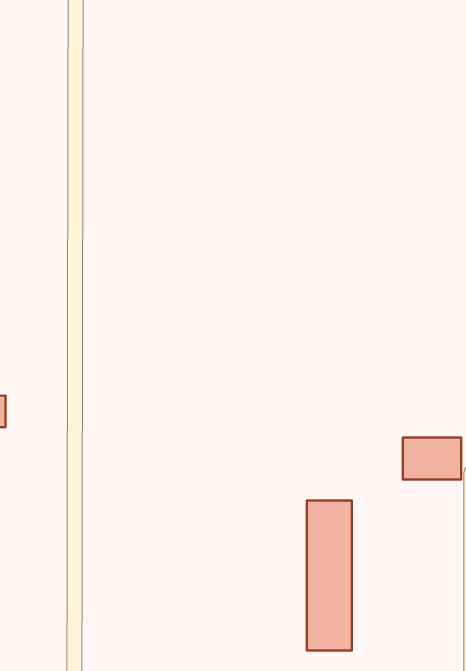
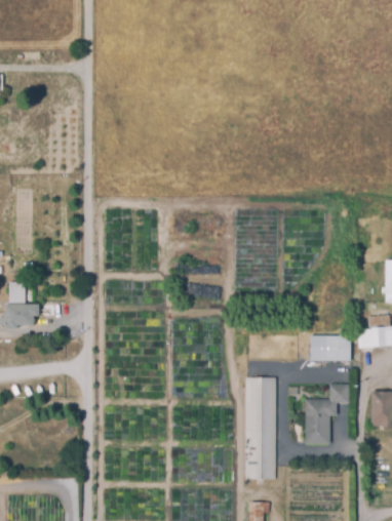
building: none -> [305,382,348,444]

